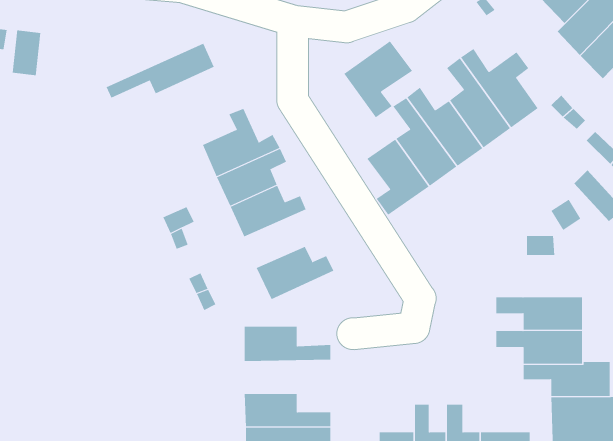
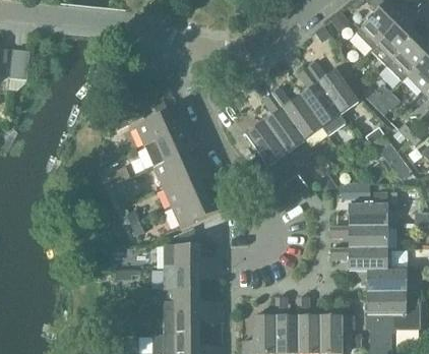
building: [344,40,413,118] -> none
building: [106,43,215,99] -> none
building: none -> [163,168,208,206]
building: none -> [348,192,387,226]
building: none -> [163,268,221,290]

